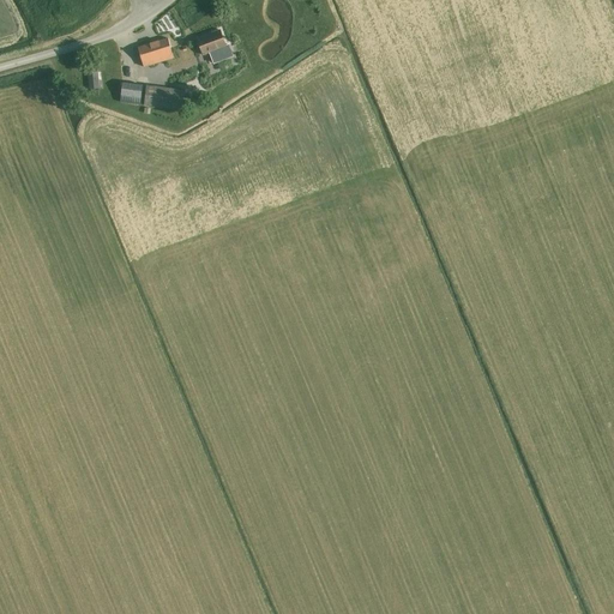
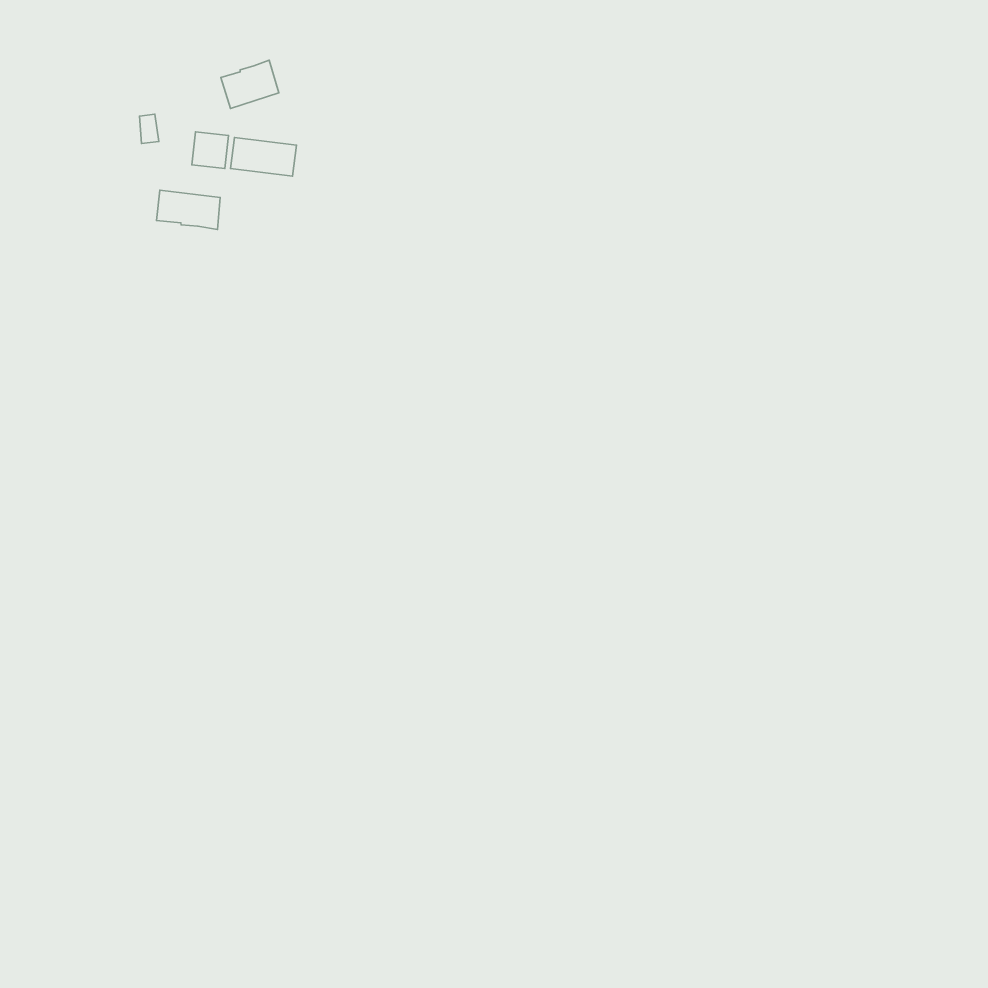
building: [197,29,231,62] -> none
building: none -> [157,190,220,229]

